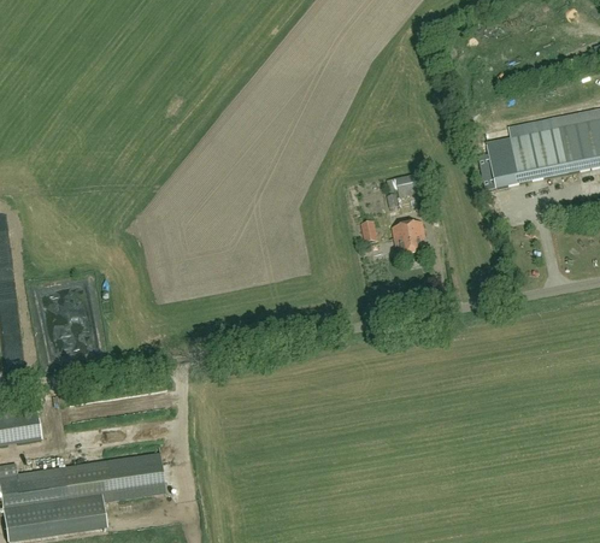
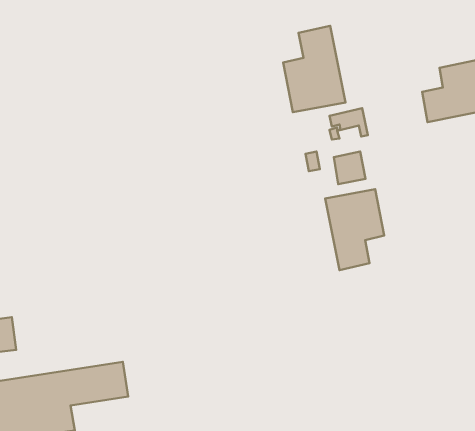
building: none -> [283,26,346,112]
building: none -> [325,189,384,270]

